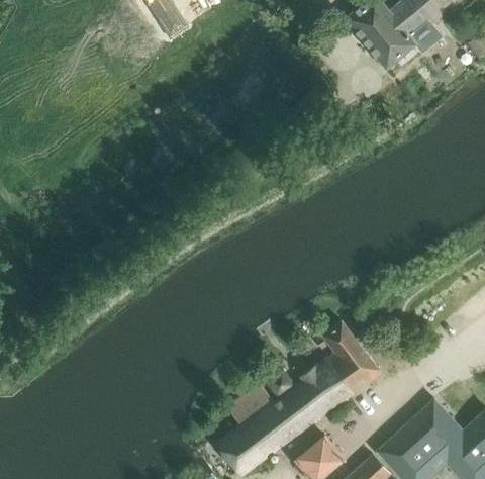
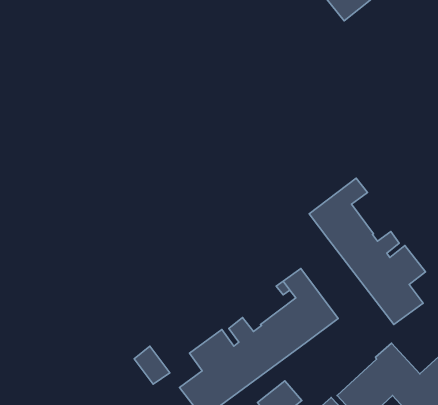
building: none -> [309,178,425,325]
building: none -> [134,346,170,384]

